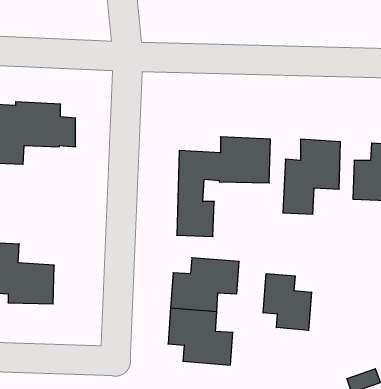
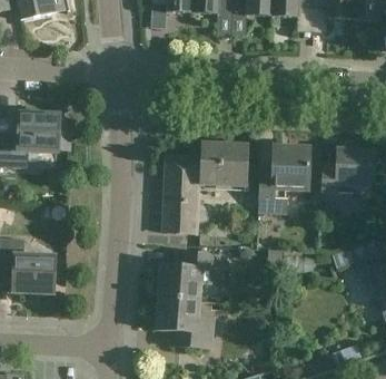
building: [263,274,312,330] -> none

